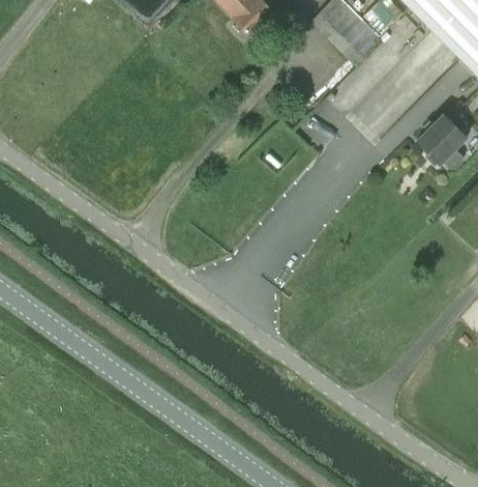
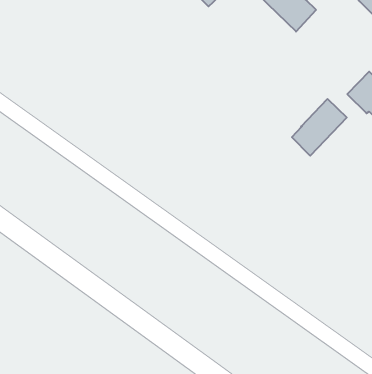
building: none -> [292,99,347,156]

